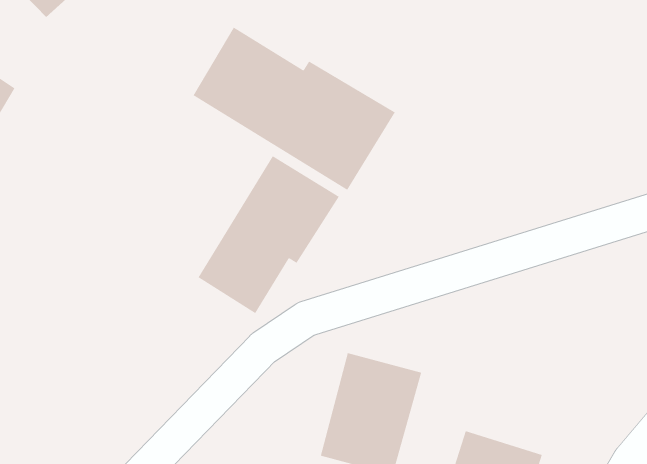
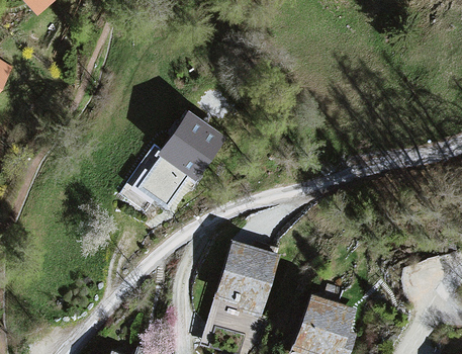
building: [192,27,396,191] -> none

